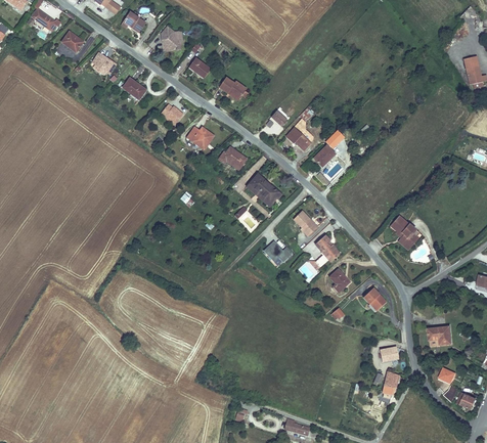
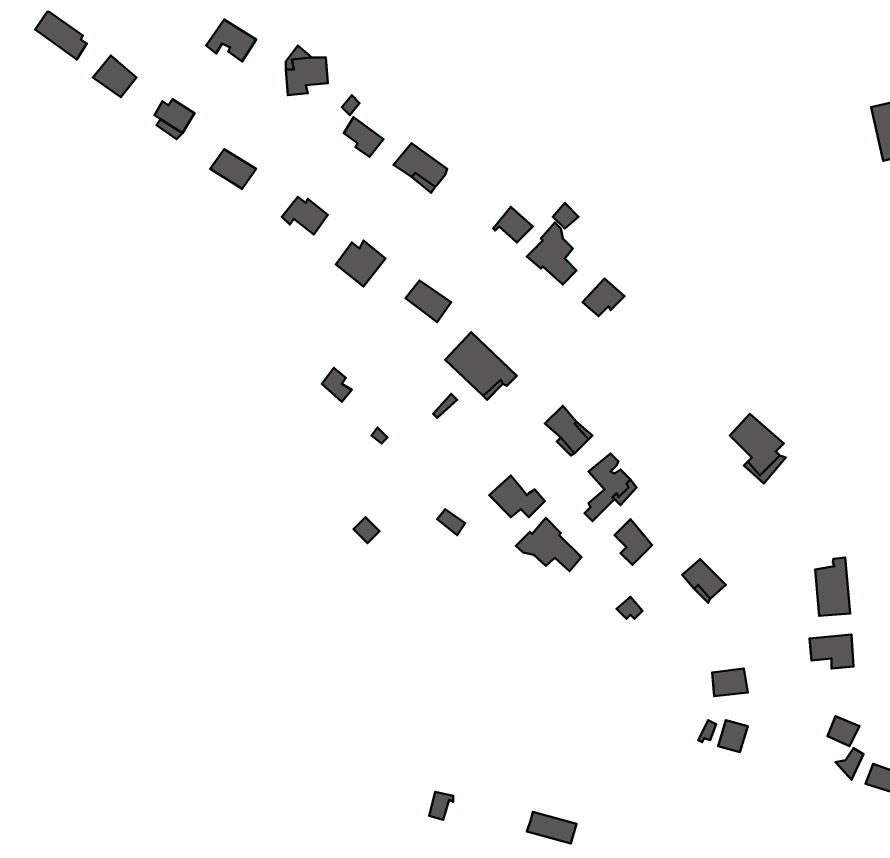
building: none -> [516,518,581,571]
building: none -> [815,557,850,616]

